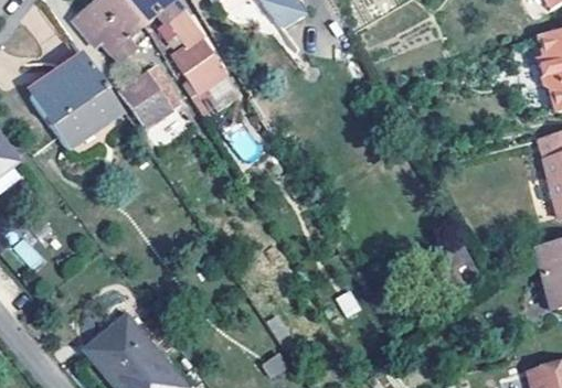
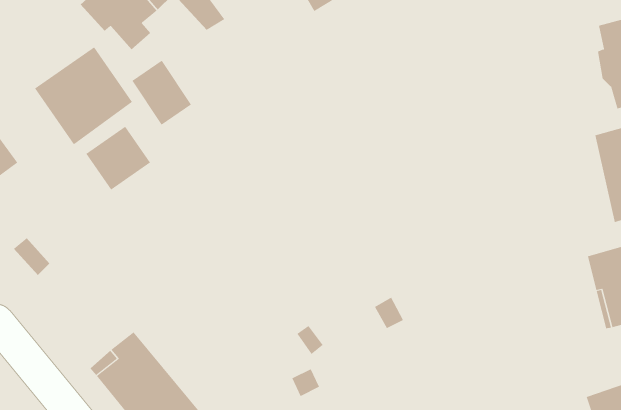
building: [172,35,227,93] -> none
building: none -> [86,126,151,191]

